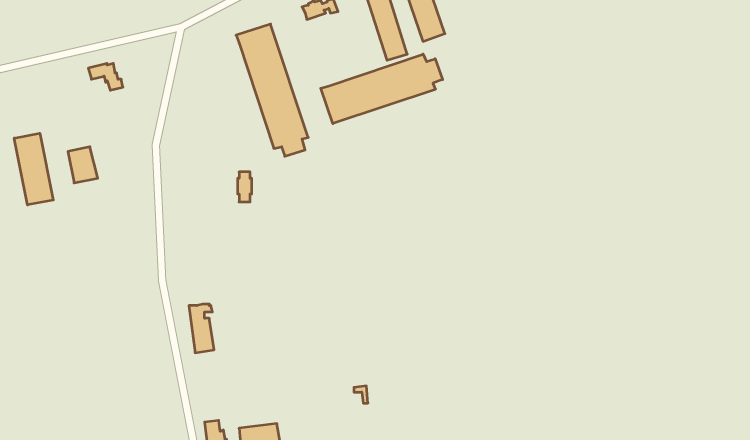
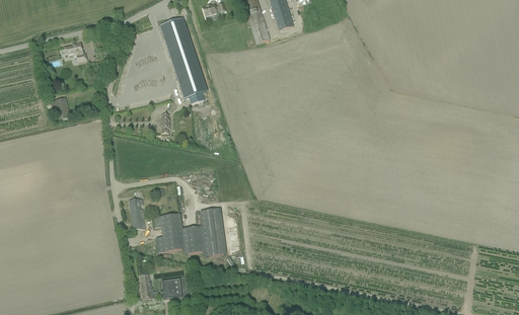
building: [321,54,443,124] -> none
building: [14,133,53,205] -> none
building: none -> [153,208,226,256]

